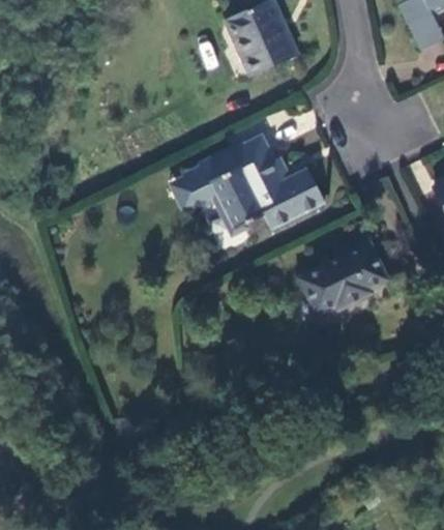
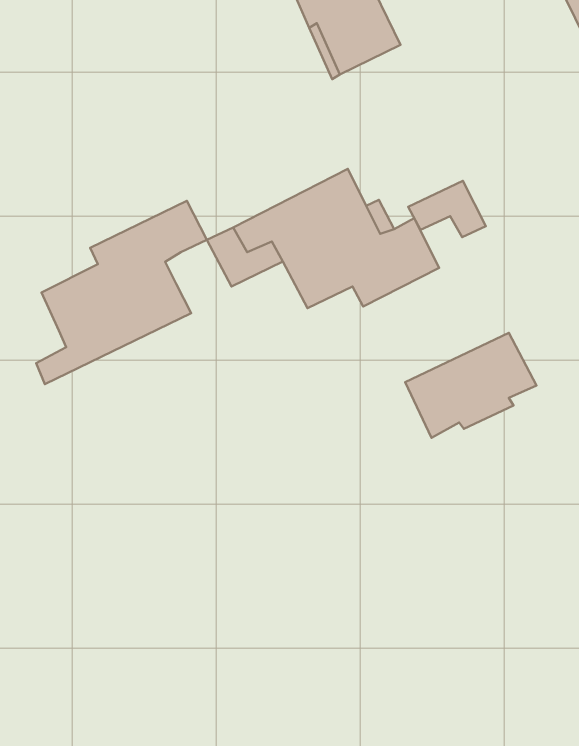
building: none -> [408,181,486,237]
building: none -> [36,201,207,384]

